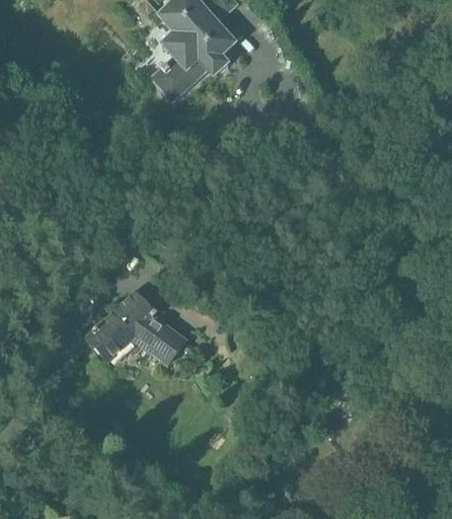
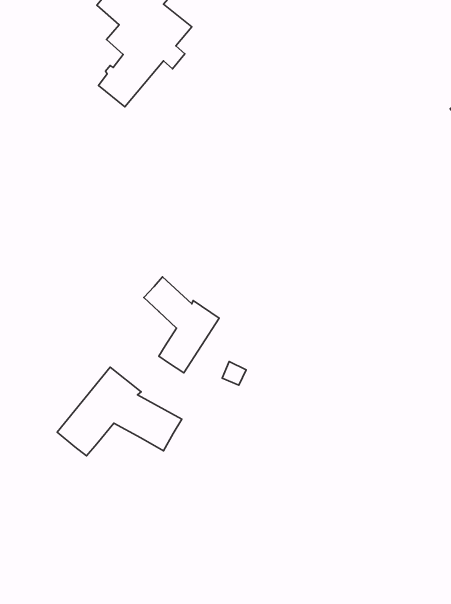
building: none -> [144,277,219,373]

